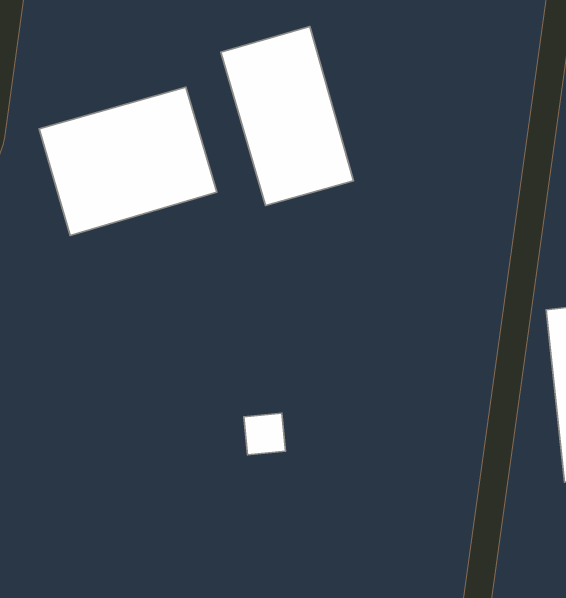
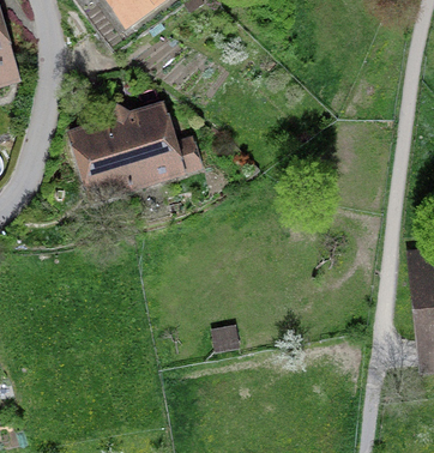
building: [221,26,353,206] -> none

